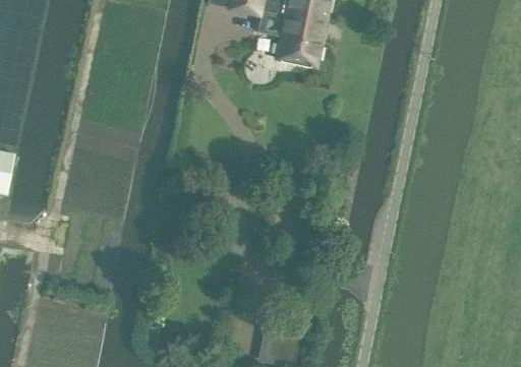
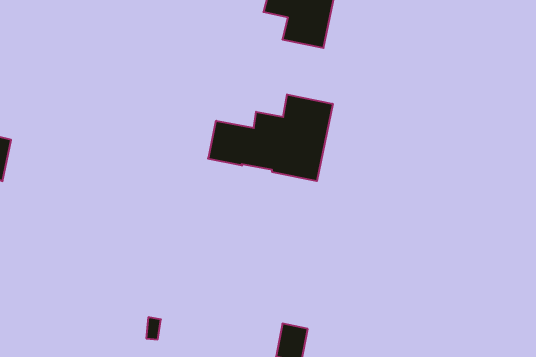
building: none -> [208,94,333,181]

